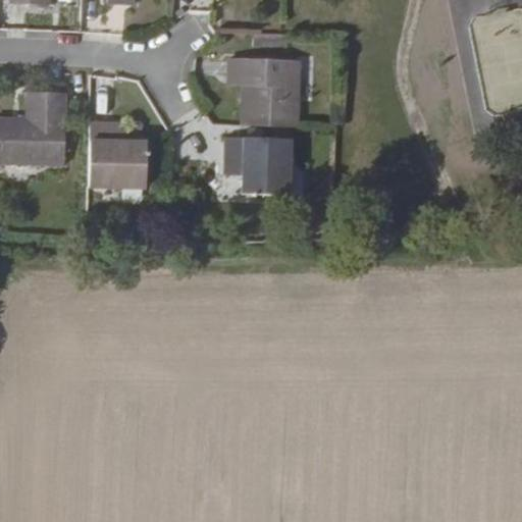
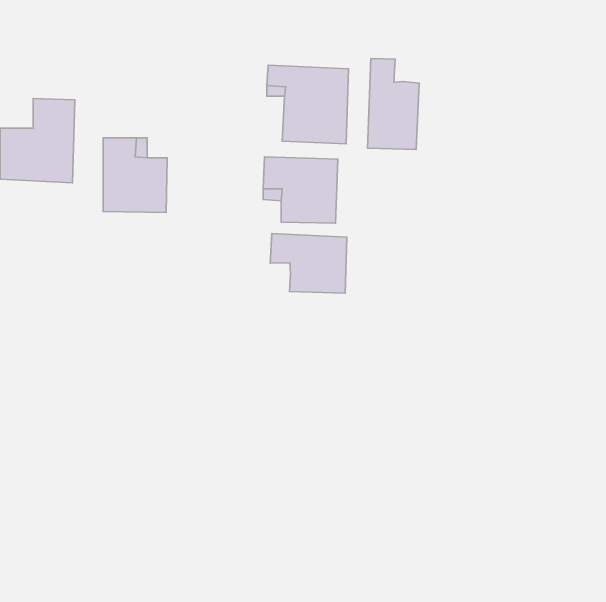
building: none -> [368,58,419,150]
building: none -> [270,233,347,293]

